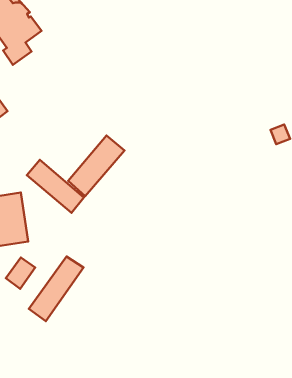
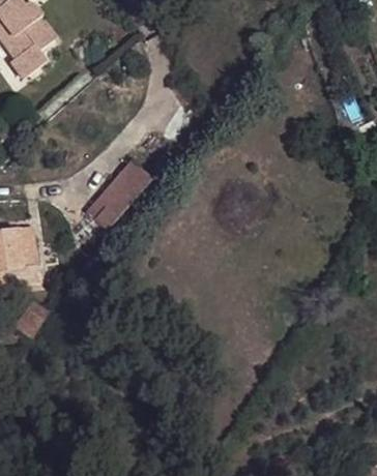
building: [27,160,84,213] -> none
building: [29,256,83,321] -> none

